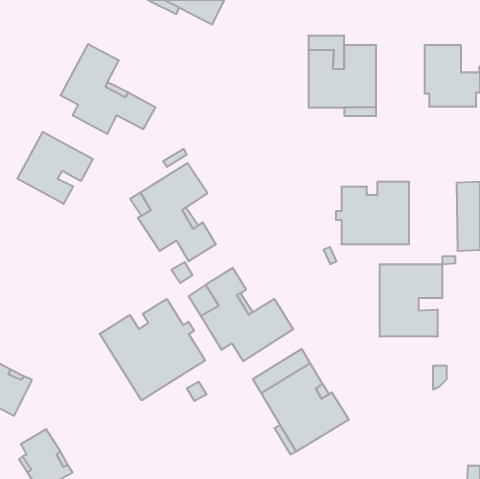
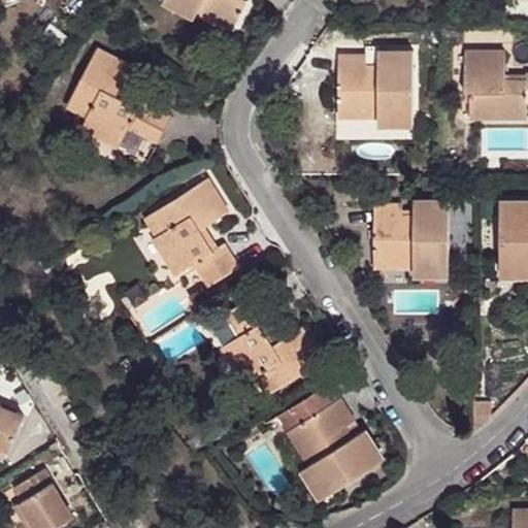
building: [17,132,93,204] -> none
building: [380,264,442,337] -> none
building: [100,299,205,400] -> none

